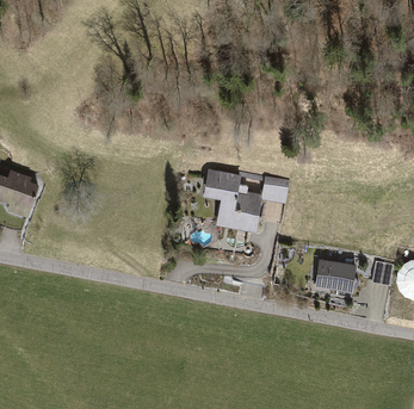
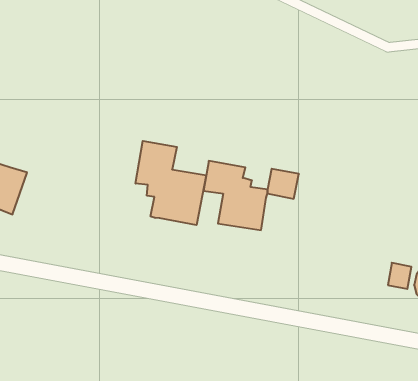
building: none -> [136,141,206,225]
building: [314,259,357,292] -> none

